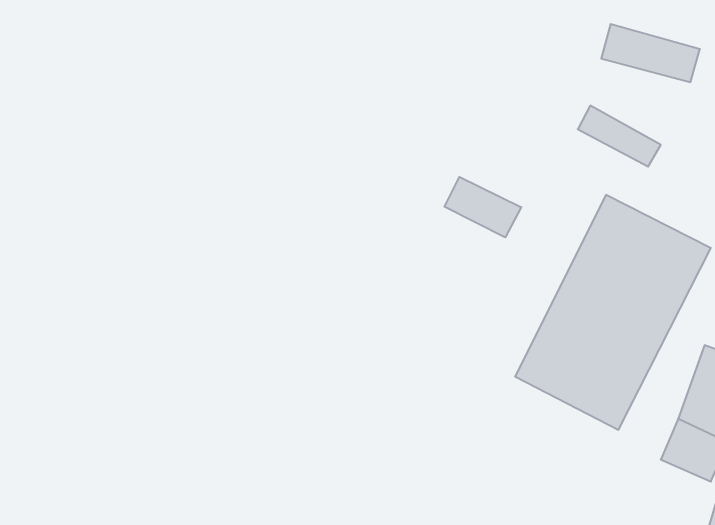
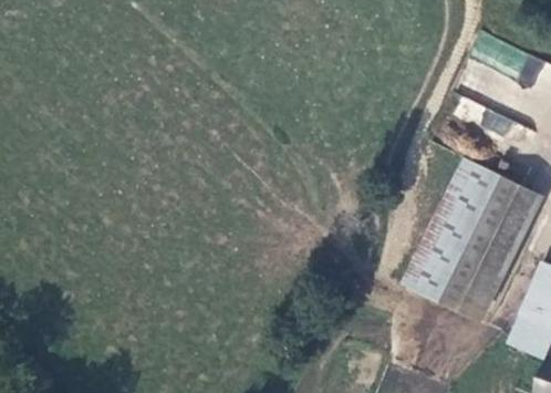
building: [444,177,521,237] -> none

